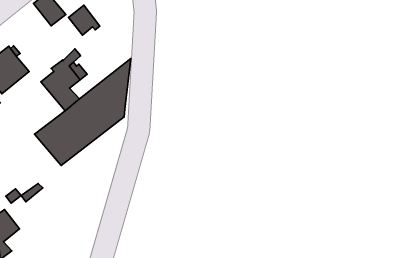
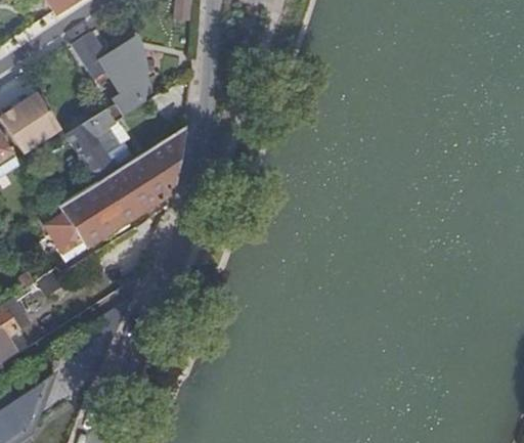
building: none -> [91,61,151,113]
building: none -> [47,215,87,262]

